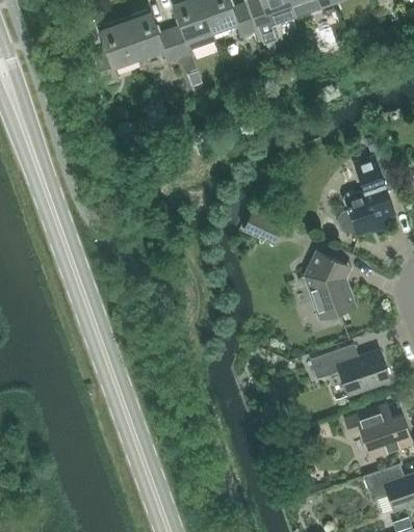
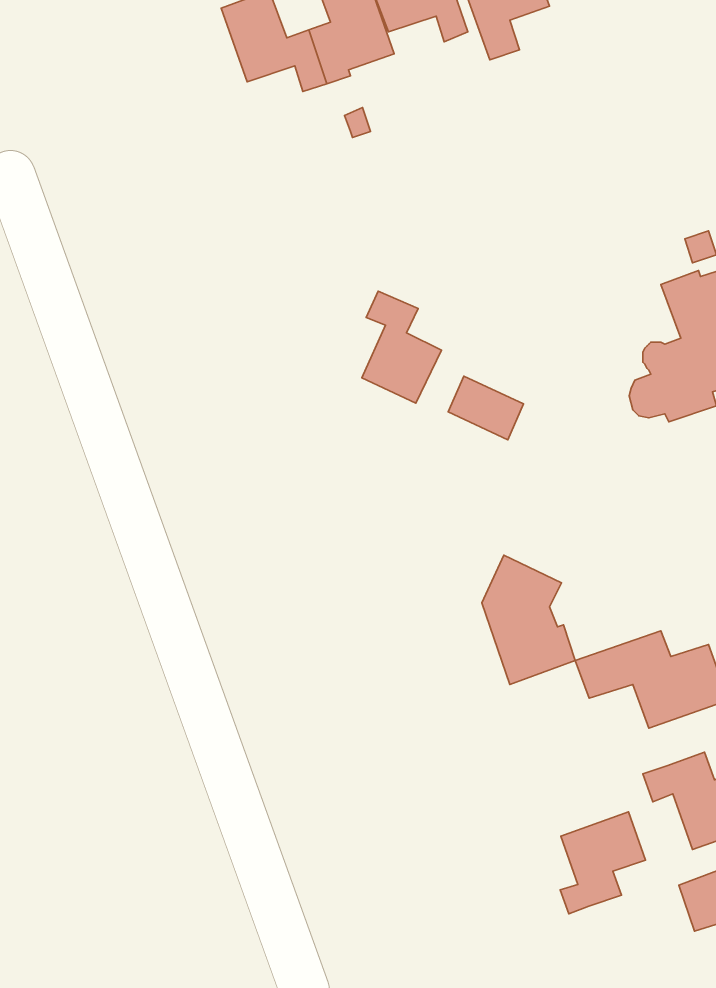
building: [97,19,138,84] -> none
building: none -> [362,291,441,403]
building: [306,251,355,319] -> [482,555,575,684]
building: none -> [560,812,645,914]

